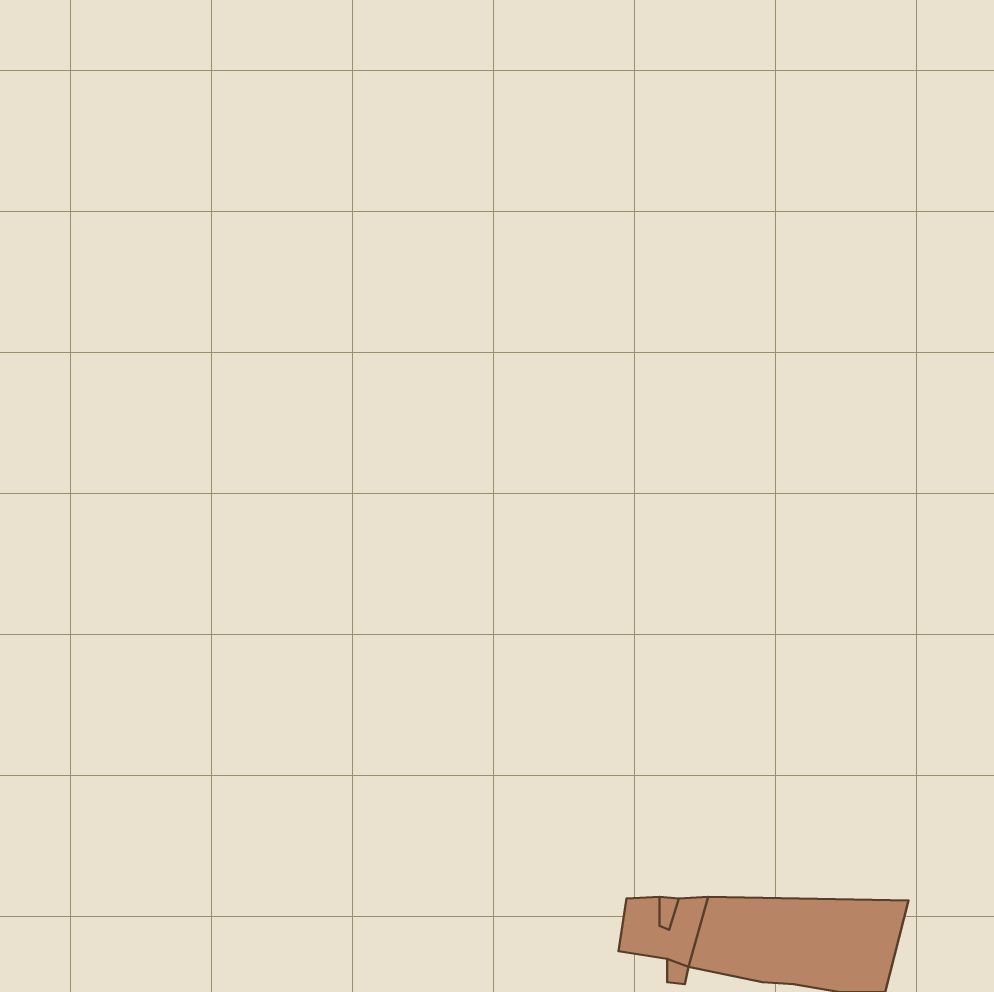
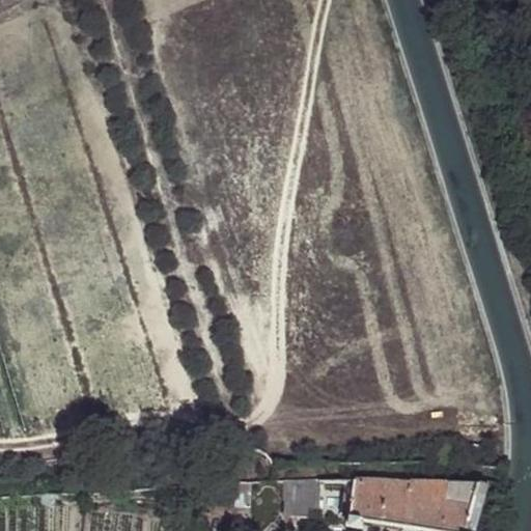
building: none -> [288,480,317,513]

